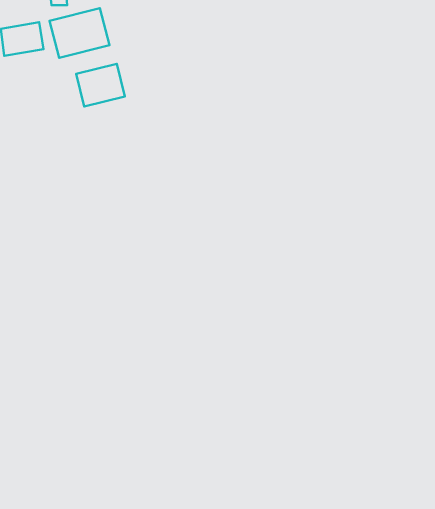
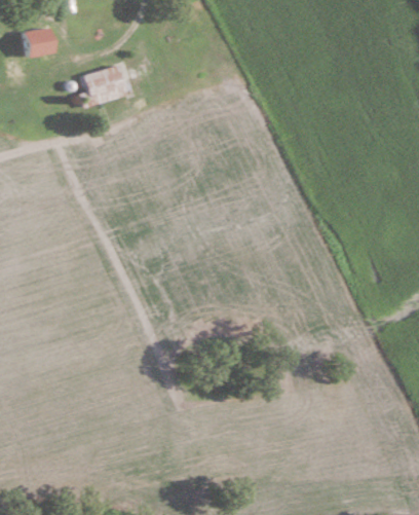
building: [49,8,110,58] -> none

